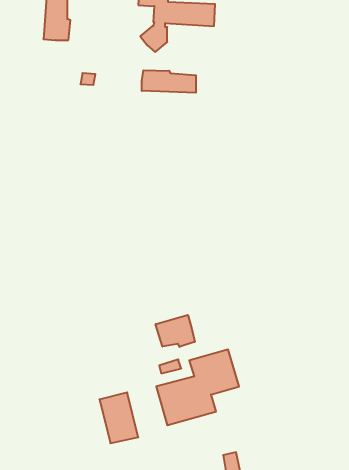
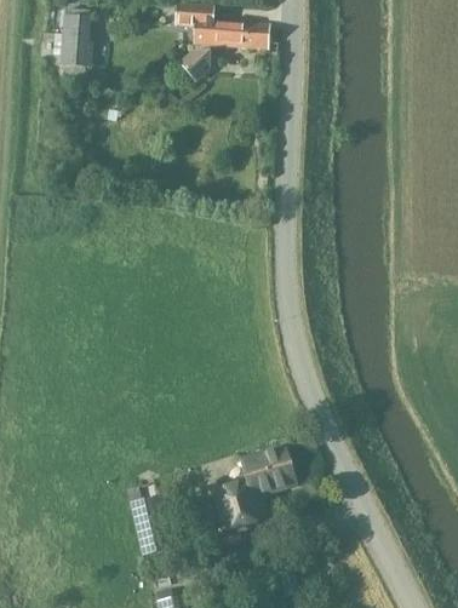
building: [142,70,196,93] -> none
building: [156,315,195,347] -> none

